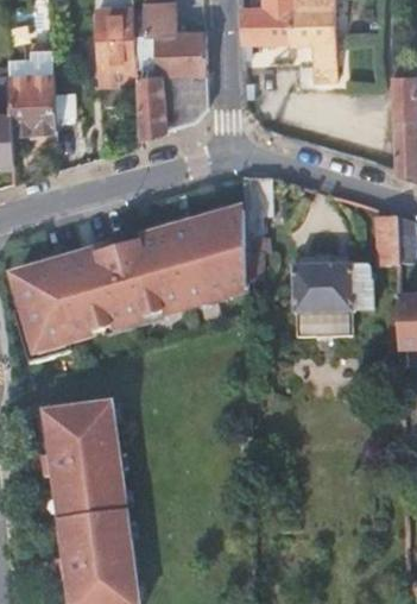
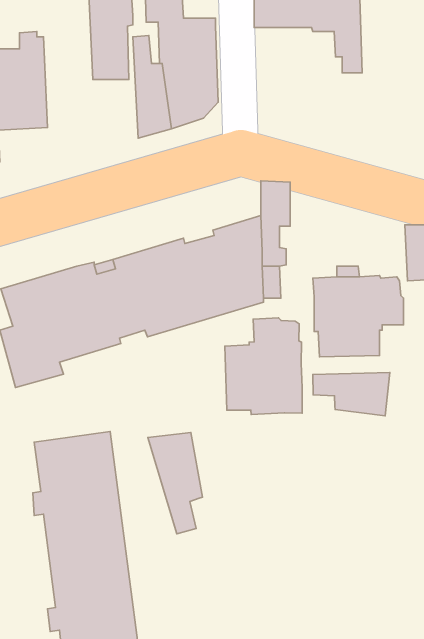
building: none -> [225,318,302,414]
building: none -> [313,372,390,416]
building: none -> [148,432,202,534]

